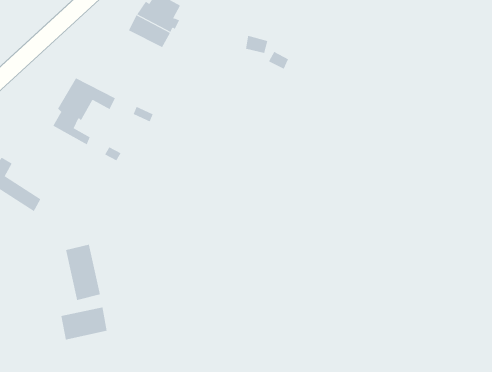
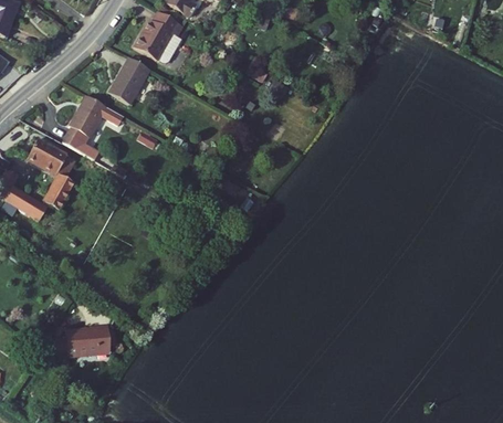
building: none -> [108,57,149,106]
building: none -> [29,145,76,214]
building: [66,244,100,301] -> none

